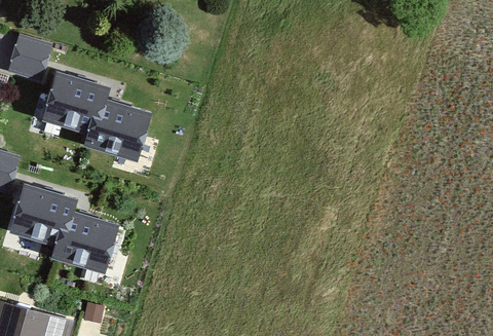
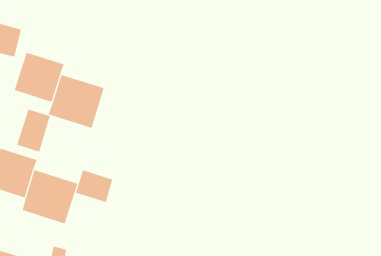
building: none -> [17,109,51,152]
building: none -> [75,170,113,203]

